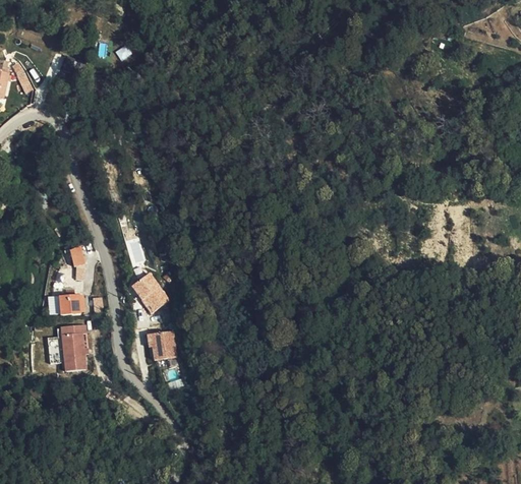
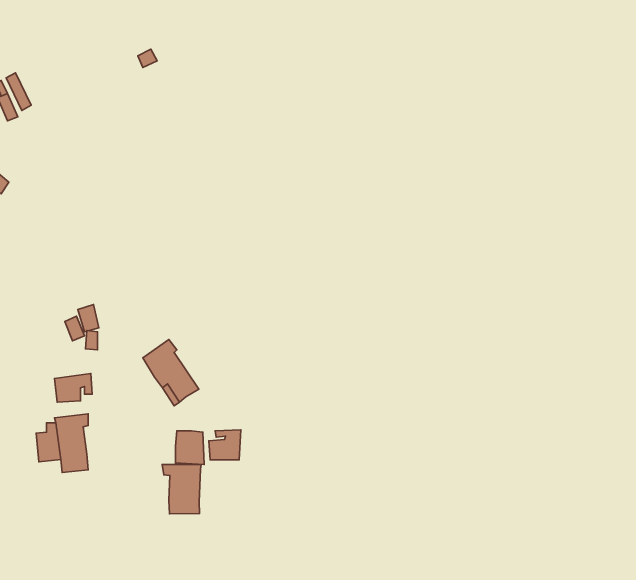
building: none -> [209,430,241,460]
building: none -> [162,464,201,514]

